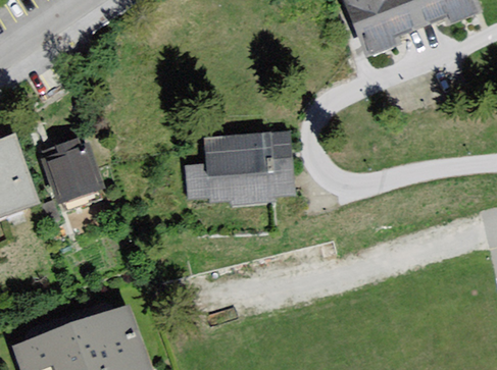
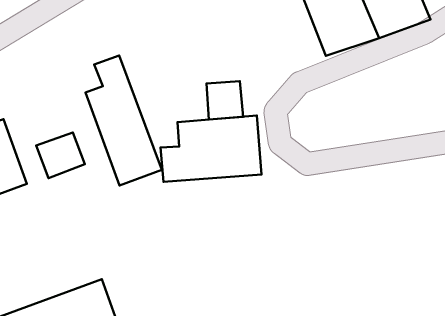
building: none -> [85,55,162,185]
building: none -> [206,81,243,119]

